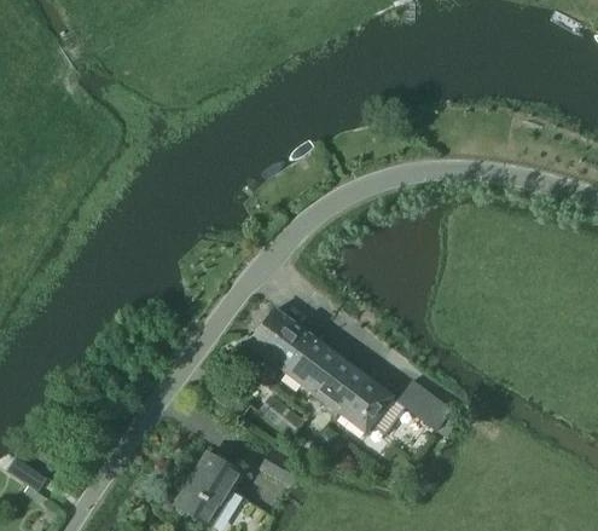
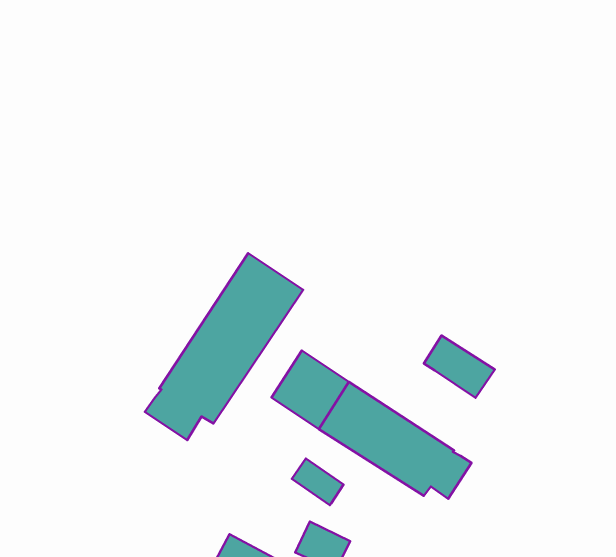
building: none -> [145,253,303,440]
building: [396,379,453,431] -> [424,335,495,398]

